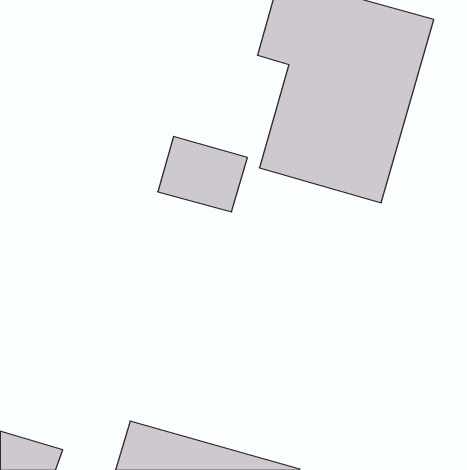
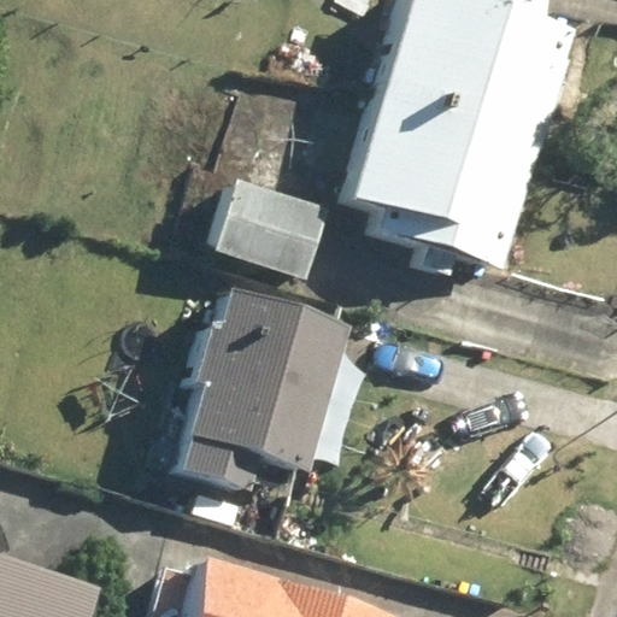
building: none -> [177,288,348,501]

